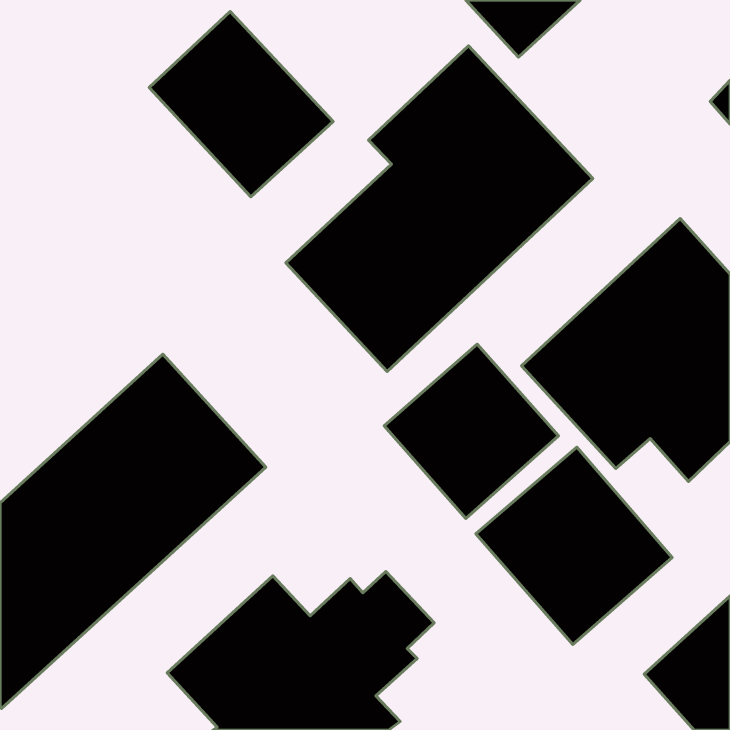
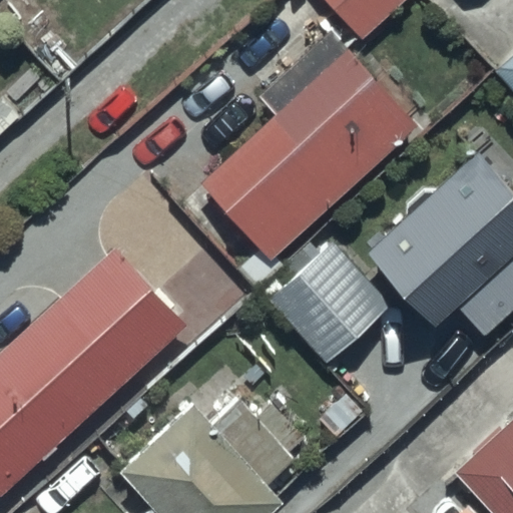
building: [149,12,333,197] -> none
building: [476,447,672,645] -> none

